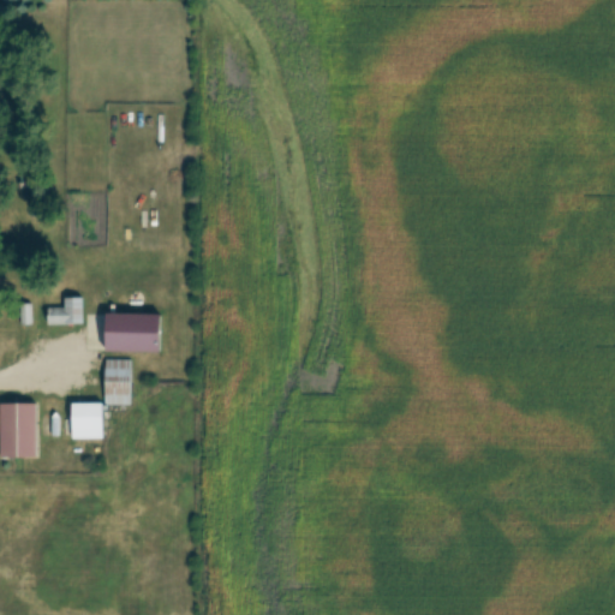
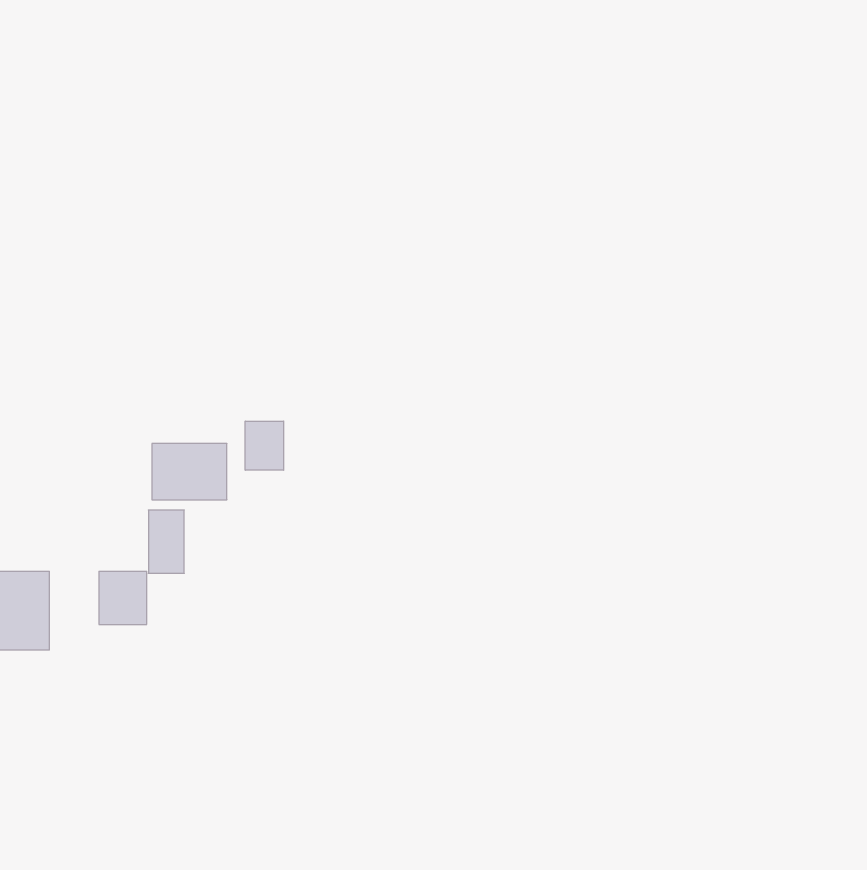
building: none -> [245,421,284,470]
building: [46,297,82,323] -> none

